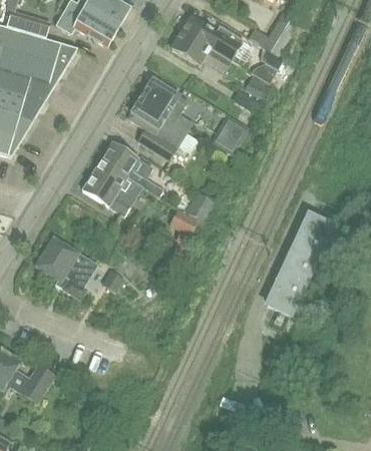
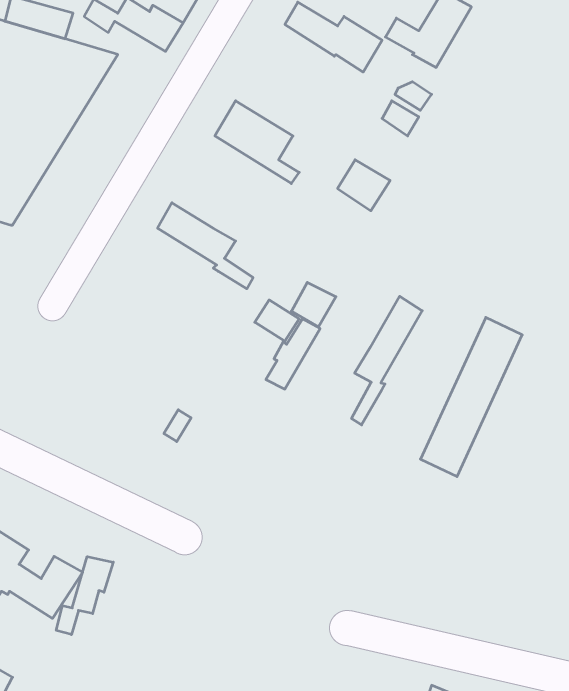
building: [171,29,231,70] -> none
building: [127,99,199,159] -> none
building: [82,157,140,214] -> none
building: none -> [352,296,422,425]
building: [35,236,94,299] -> none
building: none -> [56,557,113,635]

